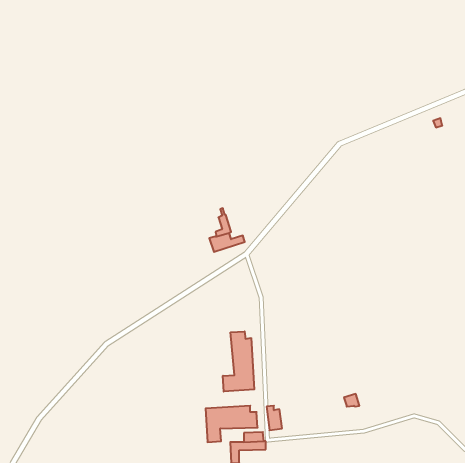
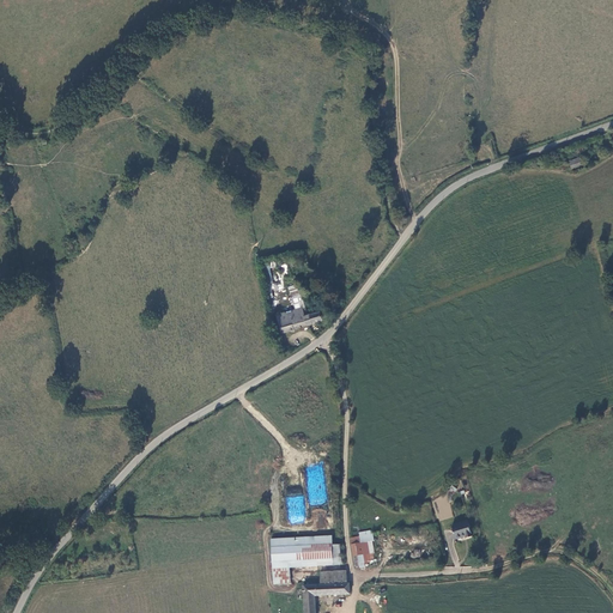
building: [223,331,254,392] -> none

